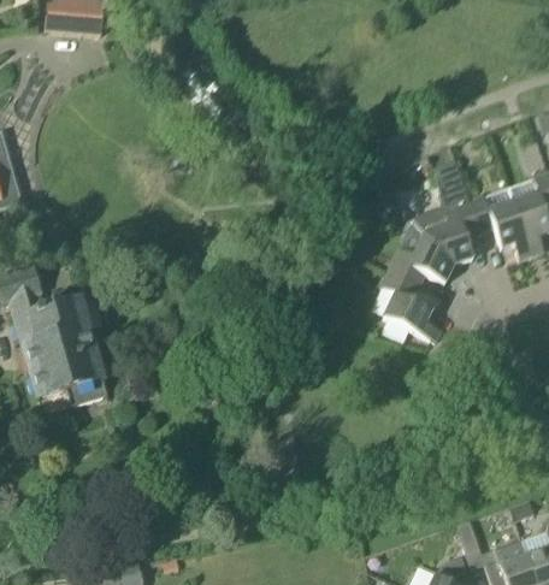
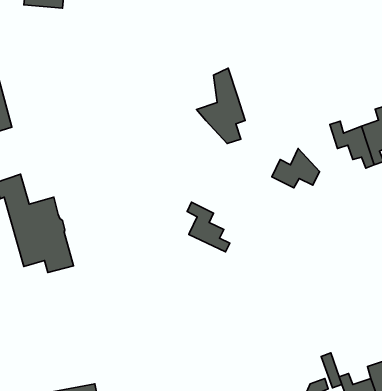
building: [412,156,480,262] -> [196,68,245,144]
building: [382,270,442,339] -> [187,202,230,252]

